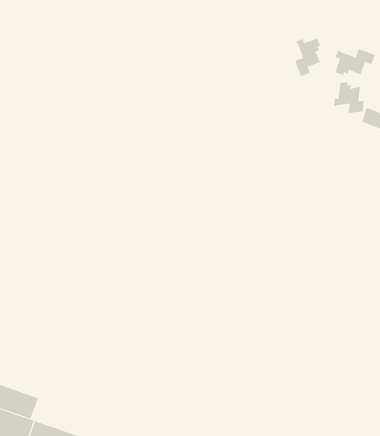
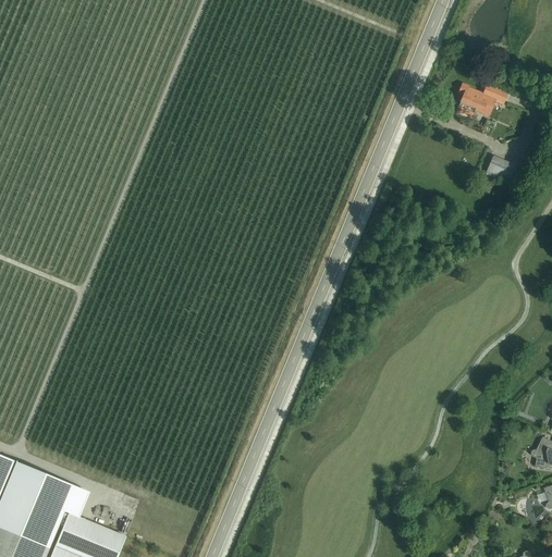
building: [295,38,321,77] -> none
building: [334,82,364,114] -> none

